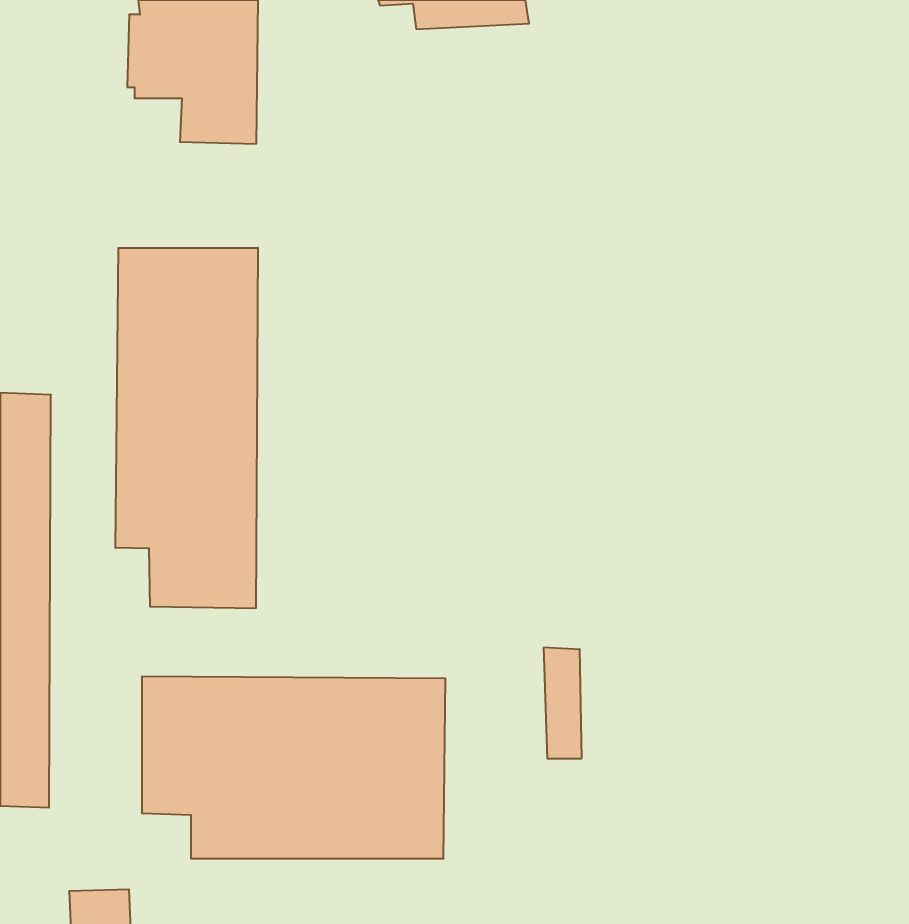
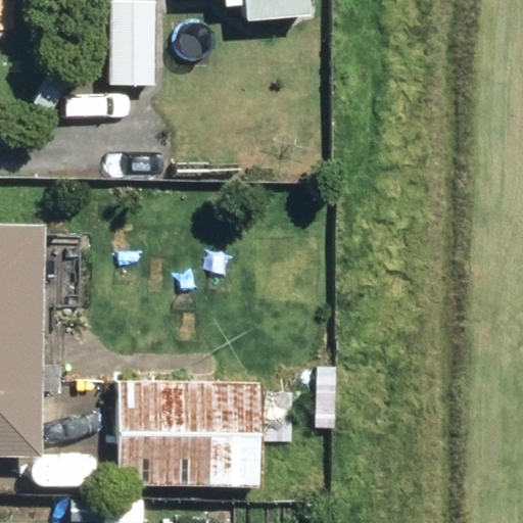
building: [115,248,258,608] -> none

